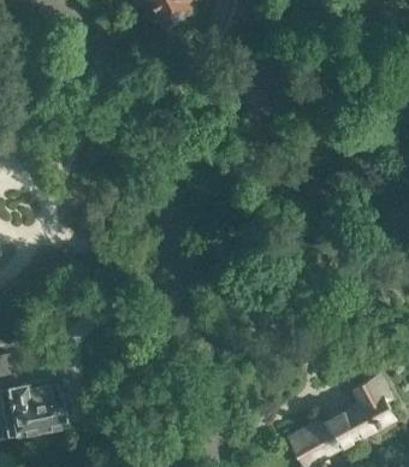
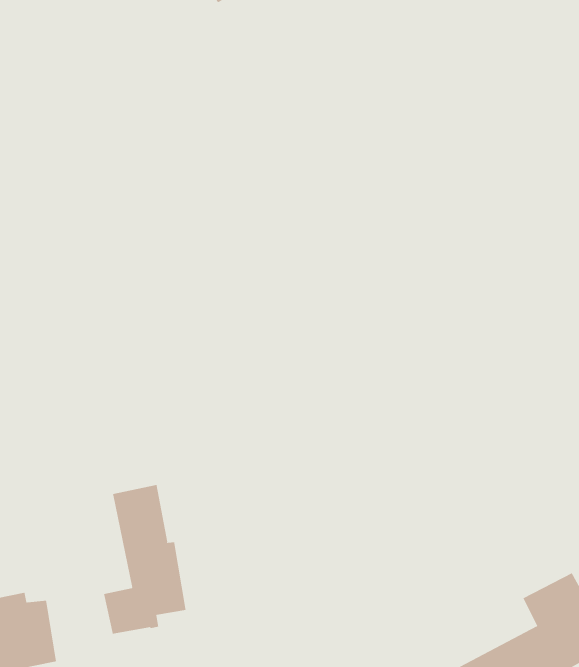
building: none -> [104,484,186,634]

